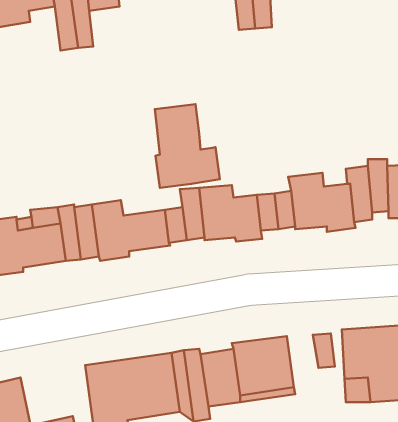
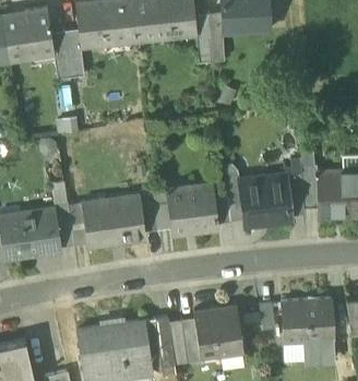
building: [155,104,220,188] -> none

